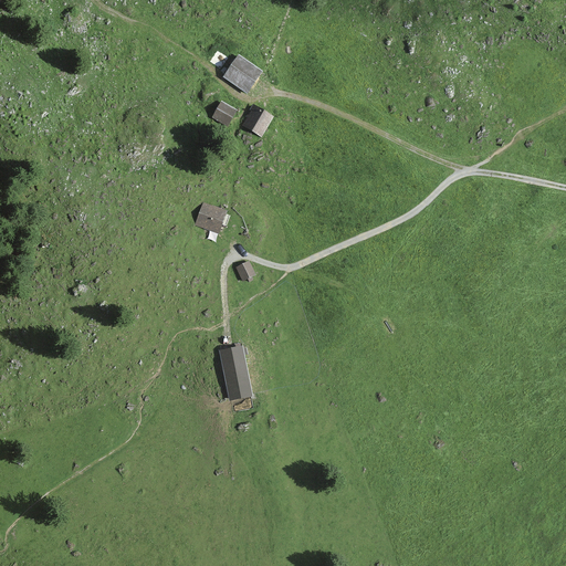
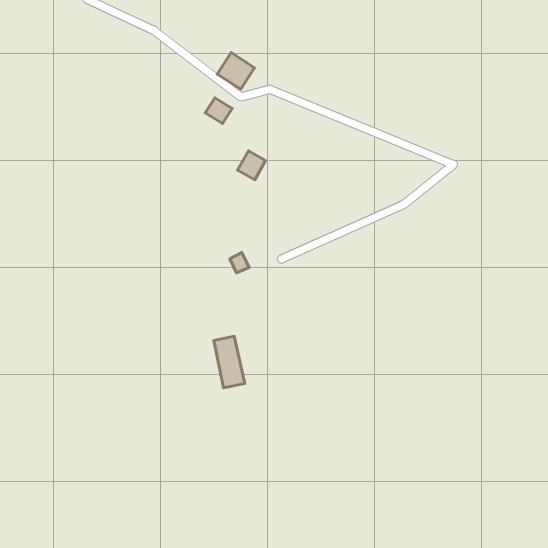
building: [242,105,271,135] -> [238,151,266,180]
building: [196,203,227,231] -> none

